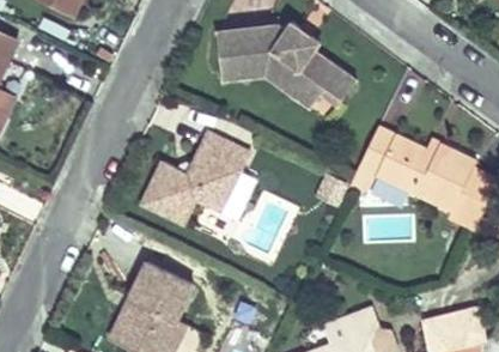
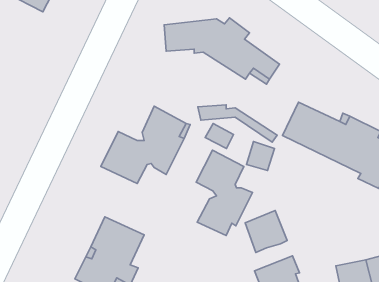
building: [219,61,314,105] -> [198,105,277,142]
building: none -> [196,150,252,236]
building: none -> [245,210,287,253]

